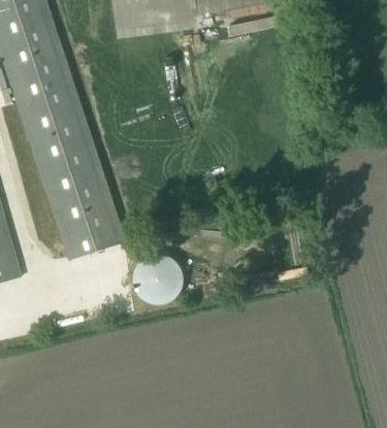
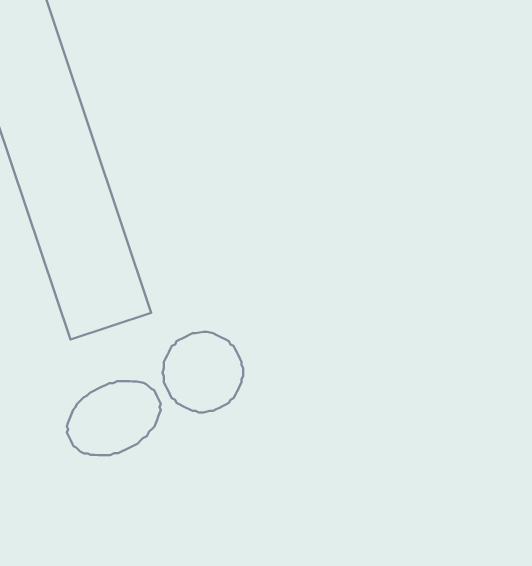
building: none -> [67,381,161,455]

